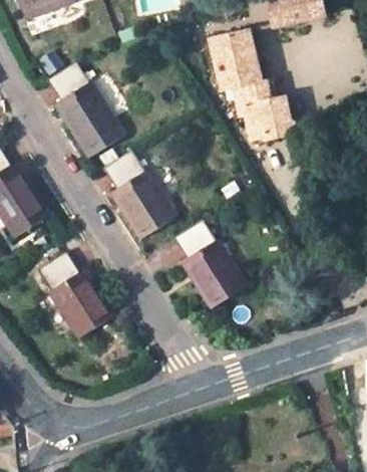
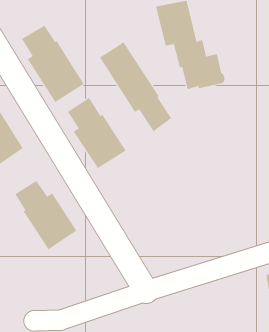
building: none -> [99,42,172,132]
building: [171,220,245,308] -> none

